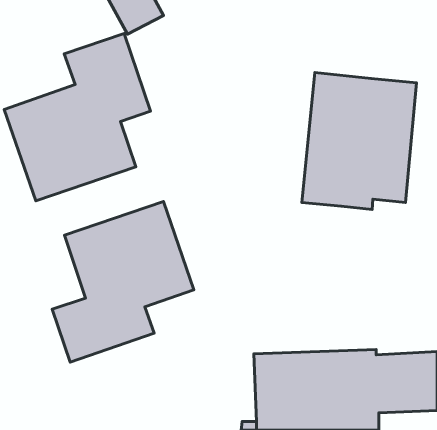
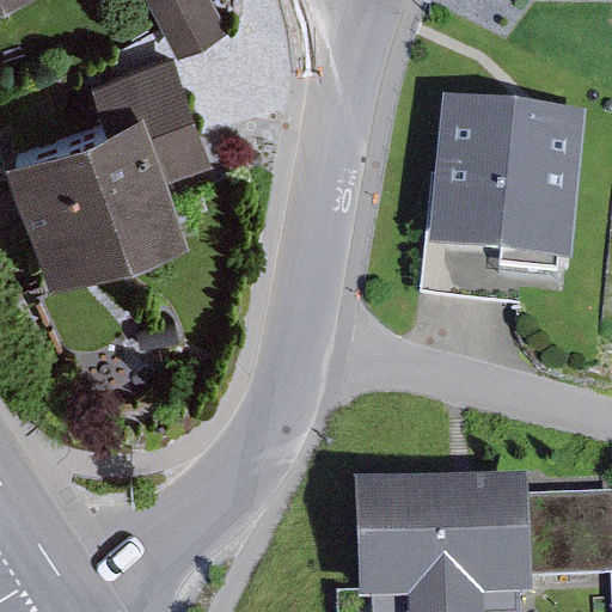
building: [52,201,194,362] -> none

